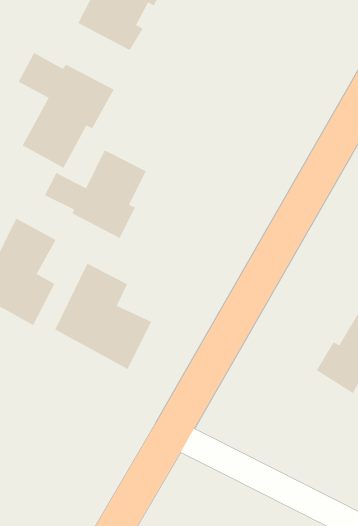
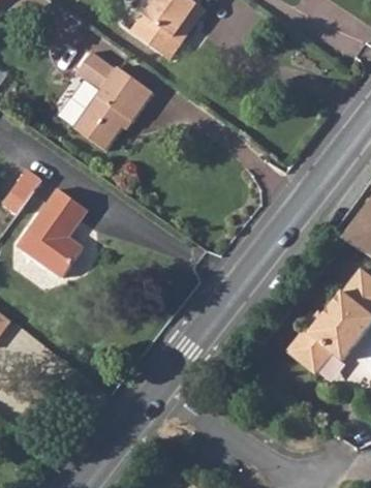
building: [44,150,147,239] -> none
building: [54,263,152,370] -> none

